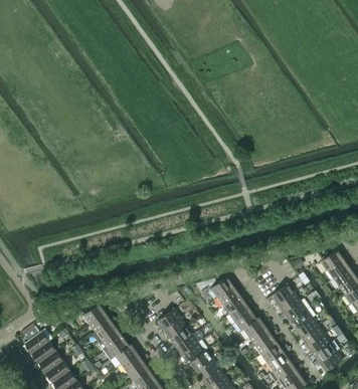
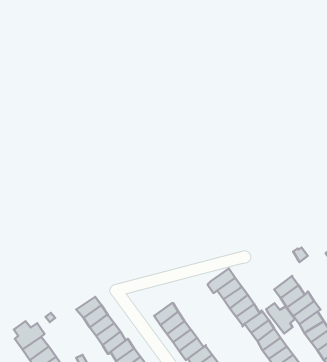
building: none -> [266,303,295,334]

